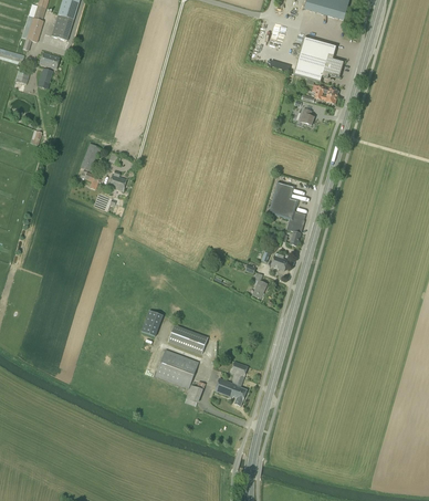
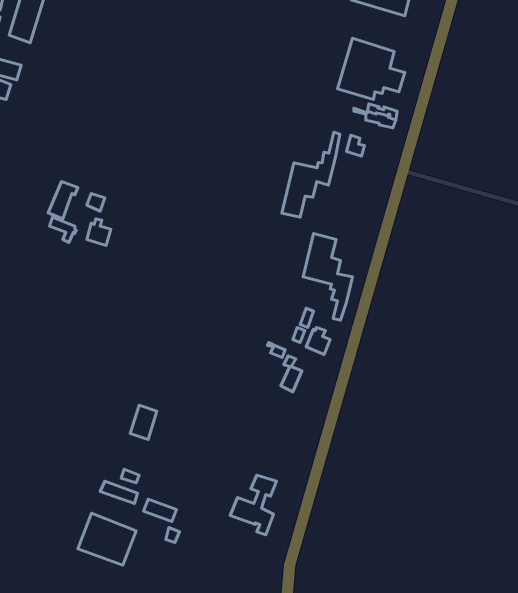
building: none -> [282,132,340,217]
building: [169,324,208,353] -> none
building: [156,348,199,387] -> [78,513,136,565]

